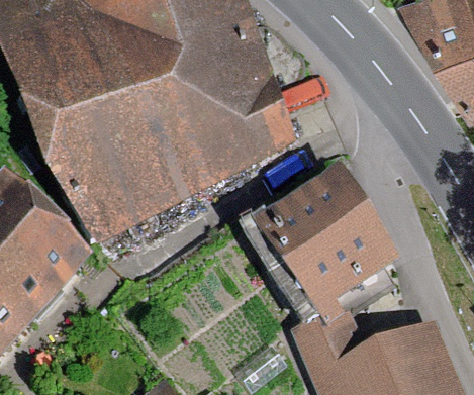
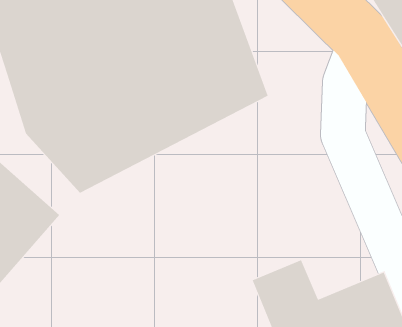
building: [240,177,388,326] -> none

